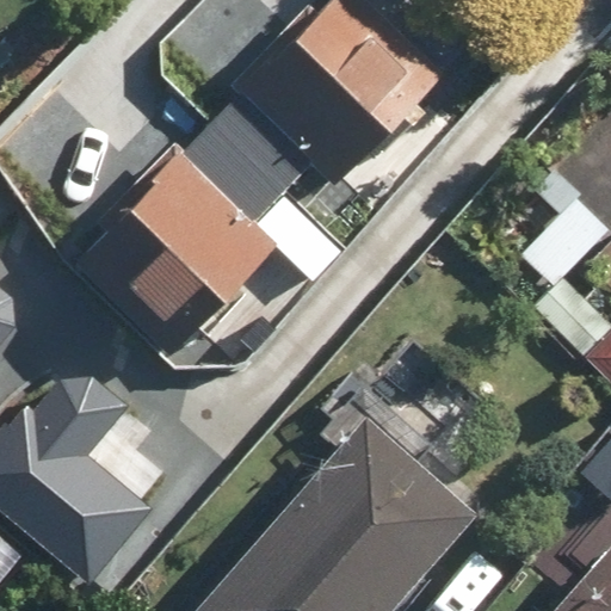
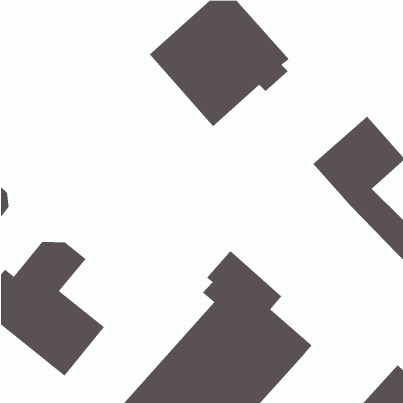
building: [84,136,288,340] -> none

